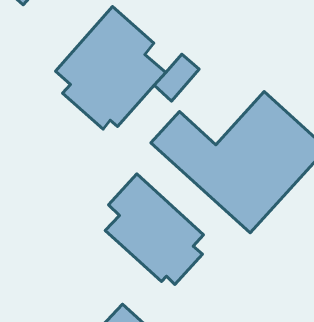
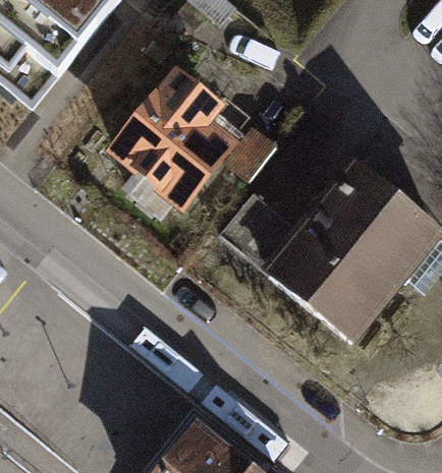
building: [105,174,204,284] -> none

